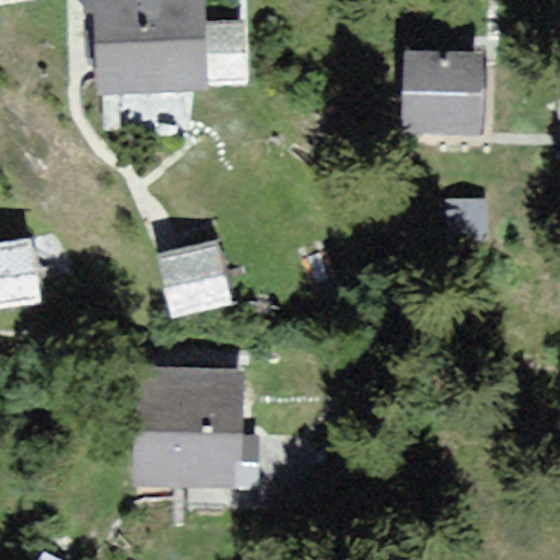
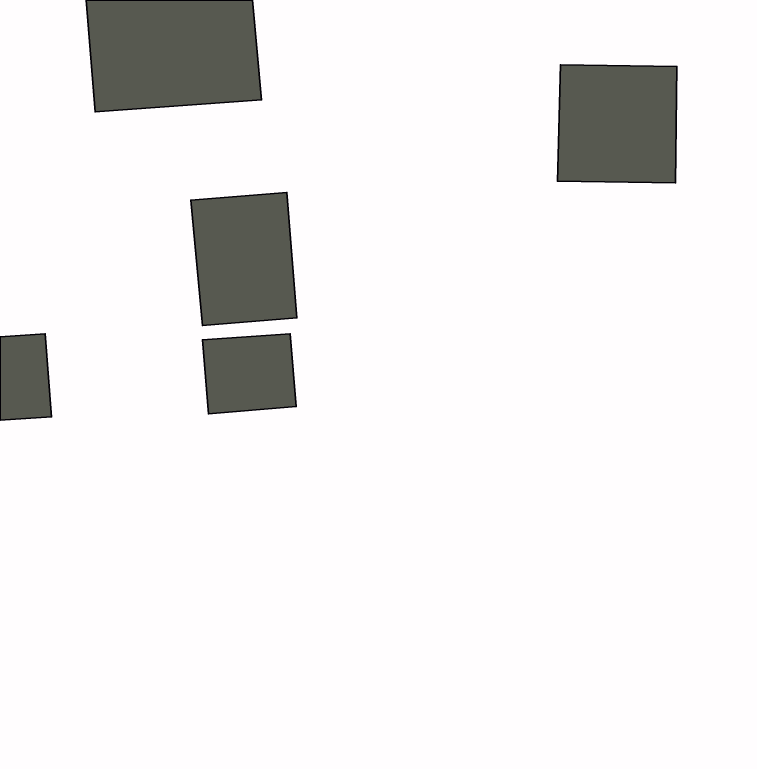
building: none -> [191,192,297,326]
building: [135,400,242,479] -> none

